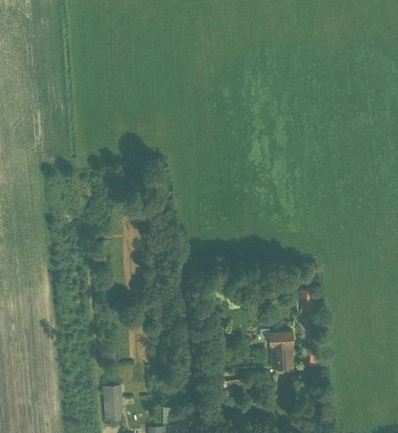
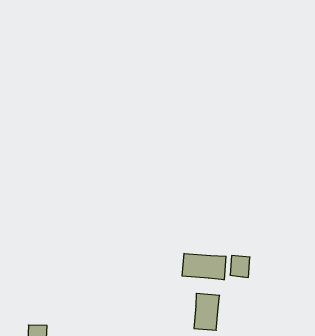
building: none -> [182,253,226,280]

